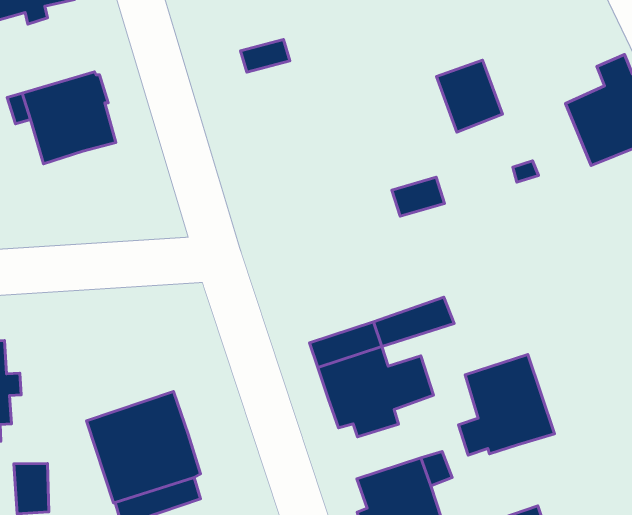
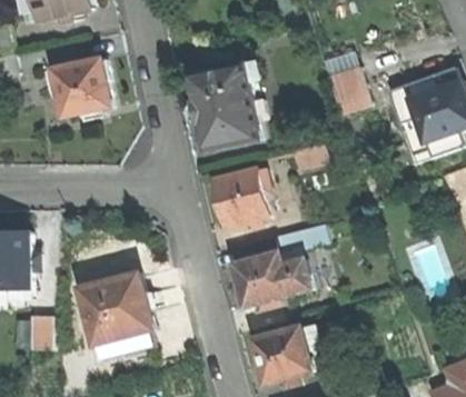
building: none -> [188,61,262,149]
building: none -> [211,167,269,228]
building: [459,354,554,455] -> none

